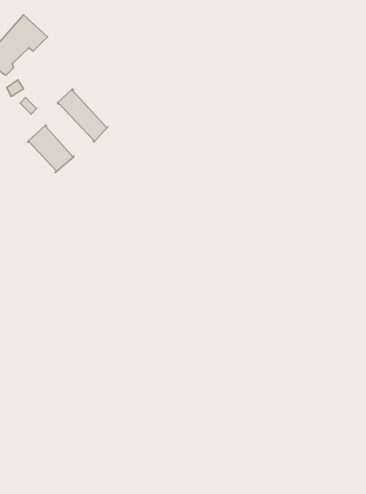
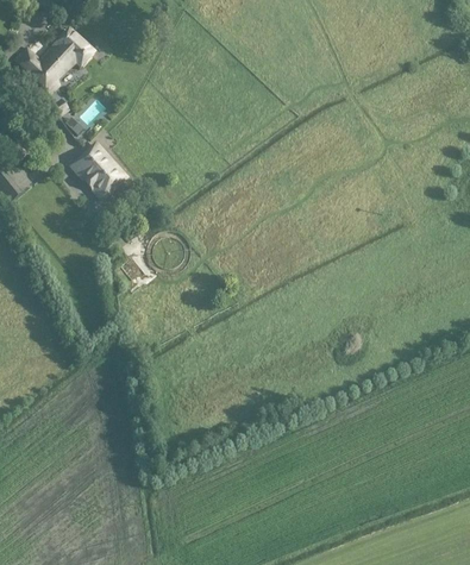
building: [57,89,108,142] -> none

